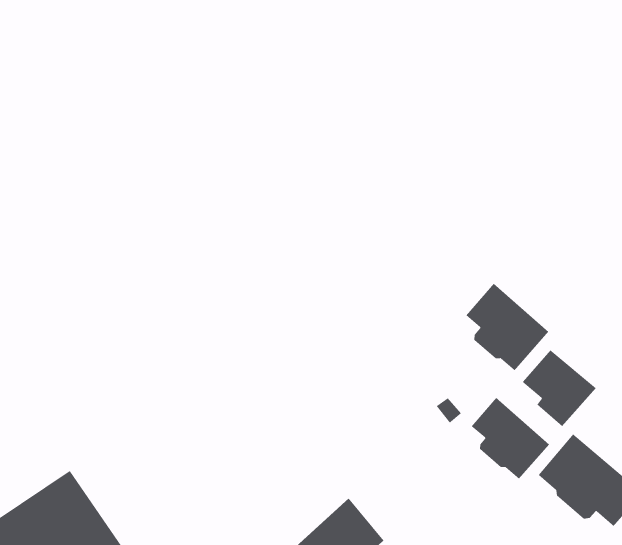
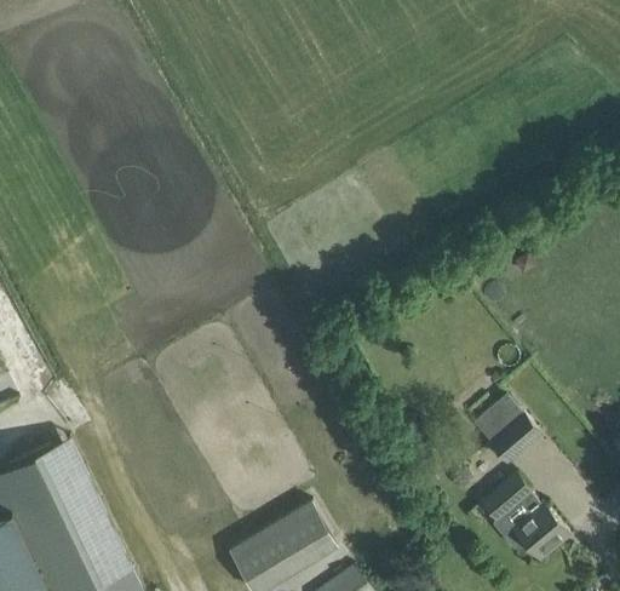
building: [466,283,549,371] -> none
building: [471,397,550,479] -> none

